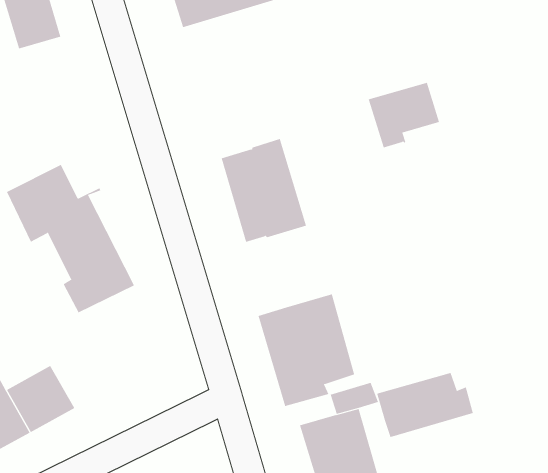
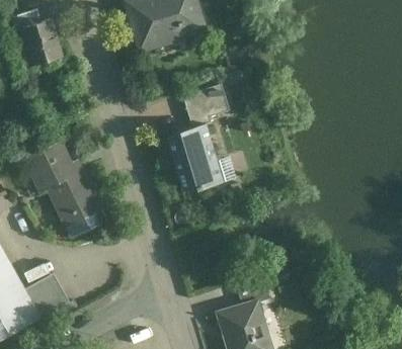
building: [368,82,440,148] -> [182,84,230,127]
building: [258,293,355,407] -> none
building: [376,372,474,438] -> none

